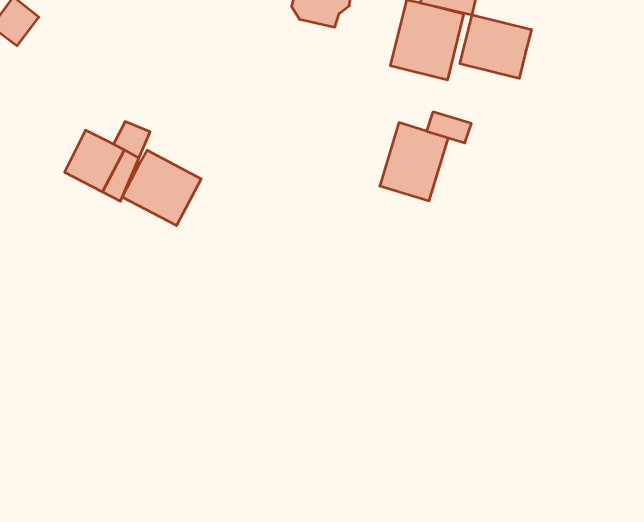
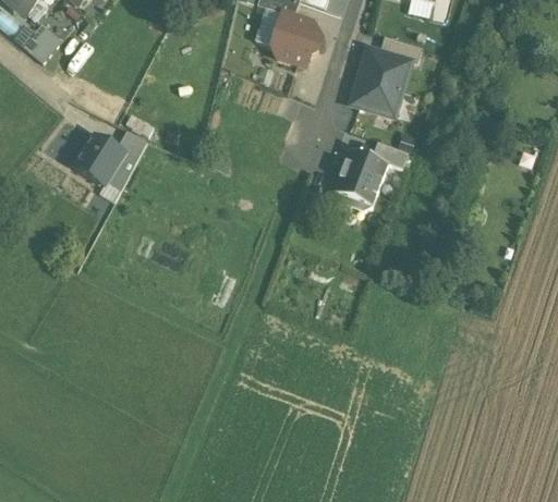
building: [460,15,531,78] -> none
building: [122,150,201,226] -> none

